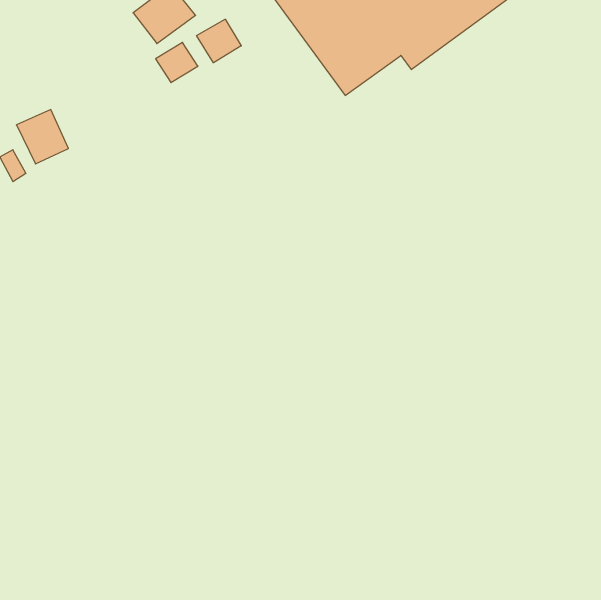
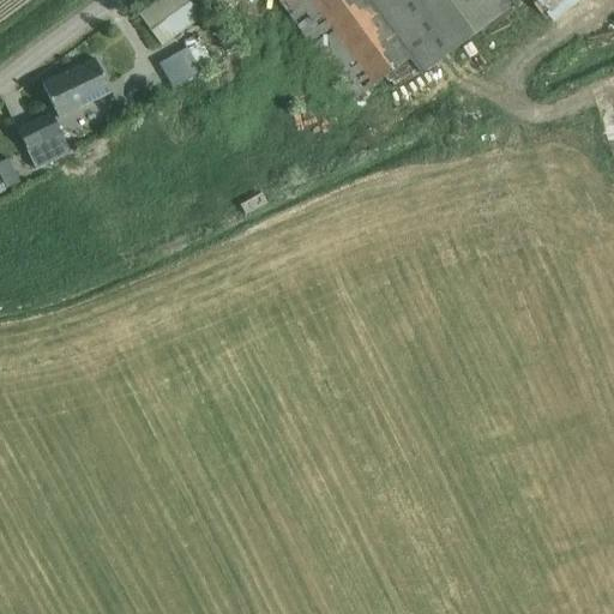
building: [197,19,241,63] -> none
building: none -> [43,59,109,114]

